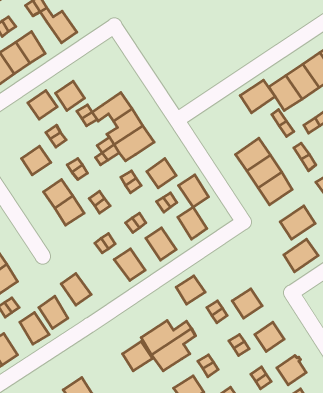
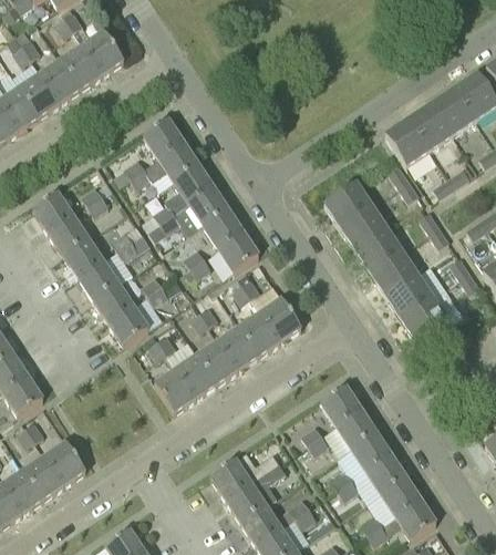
building: none -> [62,45,103,89]
building: [240,80,275,113] -> [324,182,372,226]
building: [55,81,85,110] -> [144,119,184,158]
building: [28,91,57,119] -> [33,193,73,232]
building: none -> [204,209,244,249]
building: none -> [63,237,103,277]
building: [178,175,209,207] -> [239,311,280,356]
building: none -> [108,306,148,345]
building: none -> [197,340,238,383]
building: [284,239,318,272] -> [386,274,433,318]
building: [61,273,91,305] -> [155,369,196,412]
building: [176,276,205,304] -> [321,387,361,425]
building: [39,296,68,329] -> [24,454,64,499]
building: none -> [351,432,391,471]
building: none -> [382,477,421,516]
building: [123,341,153,371] -> [241,504,282,544]

